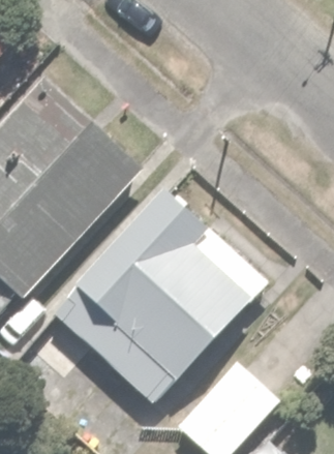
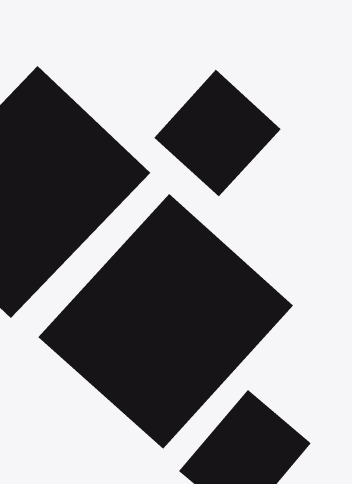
building: none -> [153,69,281,197]

